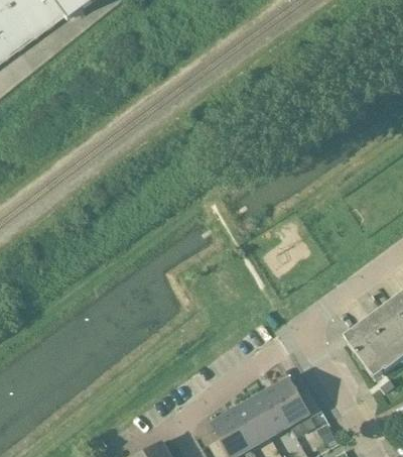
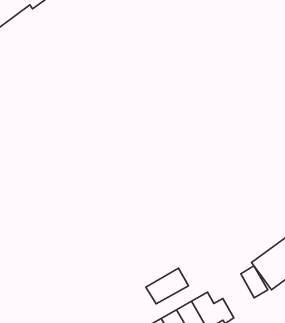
building: none -> [241,266,268,298]
building: none -> [146,268,189,304]

